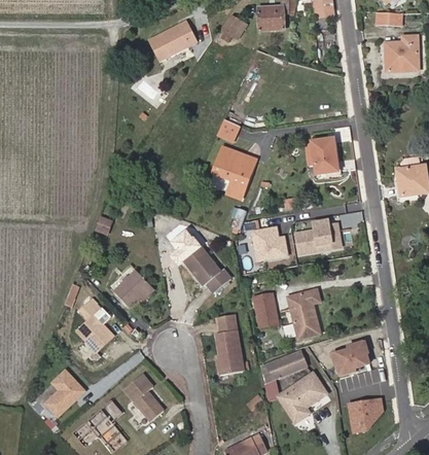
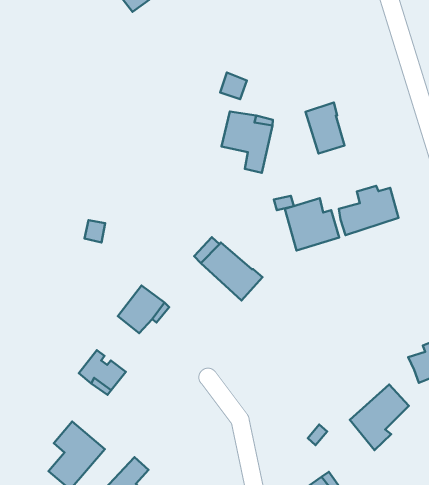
building: [311,137,336,174] -> [306,102,344,153]
building: [287,290,317,337] -> none
building: [250,291,279,328] -> none
building: [217,314,245,376] -> none
building: [261,350,306,396] -> none
building: [126,372,170,419] -> none

